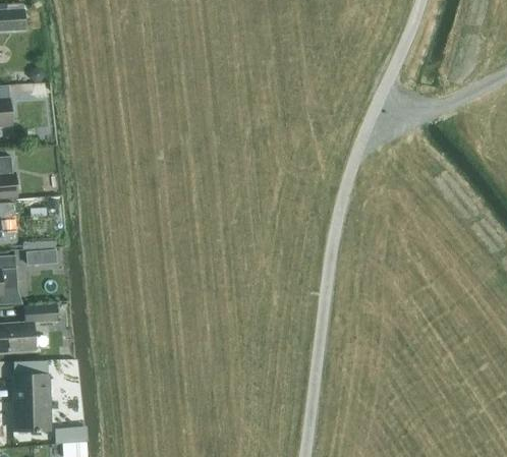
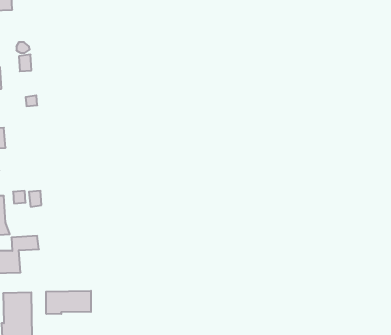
building: none -> [46,291,91,314]

